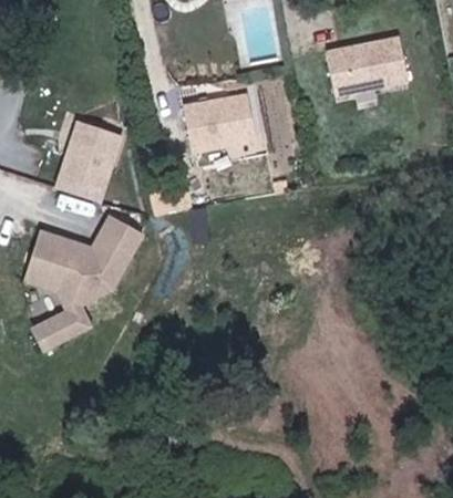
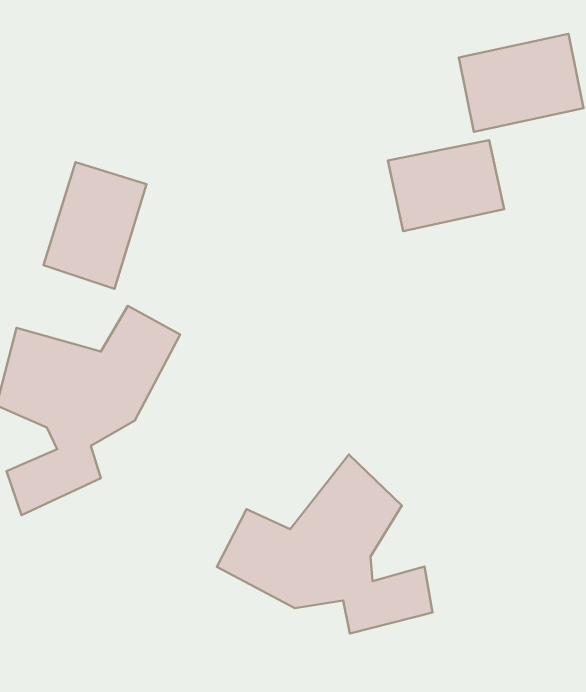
building: [182,92,258,152] -> [388,140,504,231]
building: none -> [217,455,433,634]

